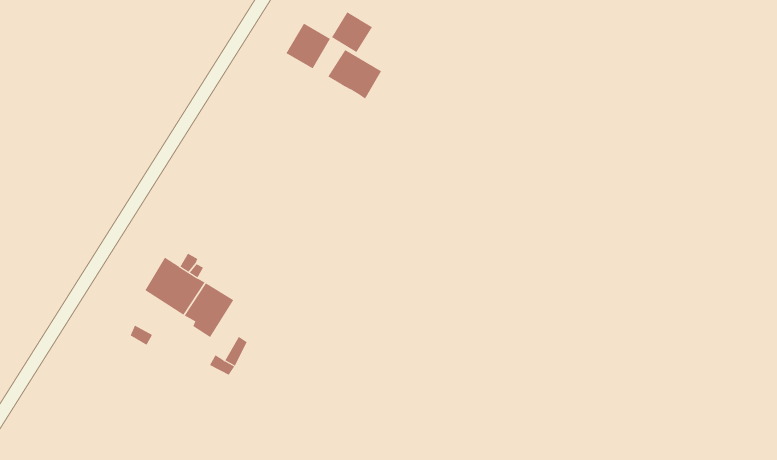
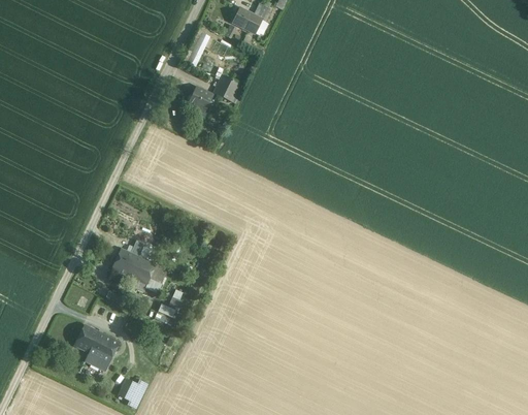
building: [327,49,382,100] -> none
building: none -> [74,324,120,372]

